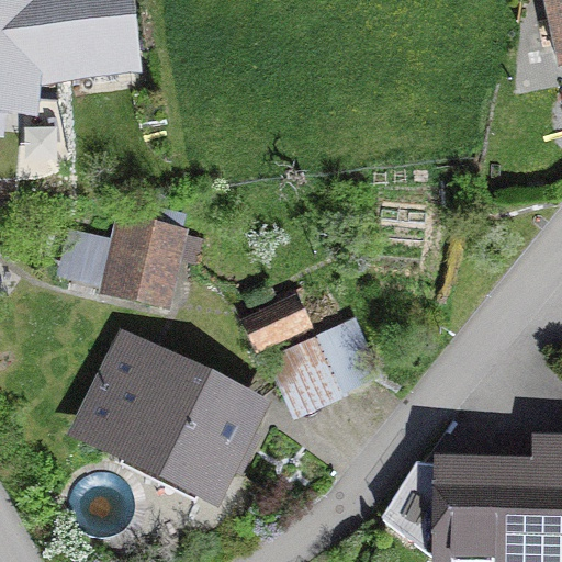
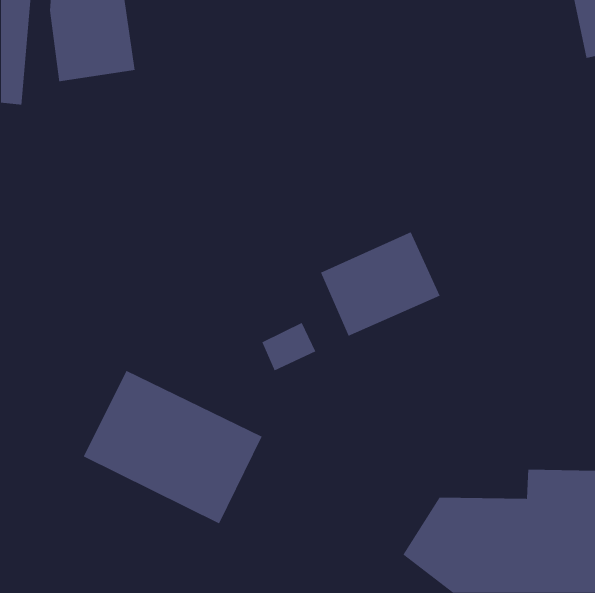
building: [111,223,178,302] -> none
building: [272,321,385,419] -> [320,232,440,337]

